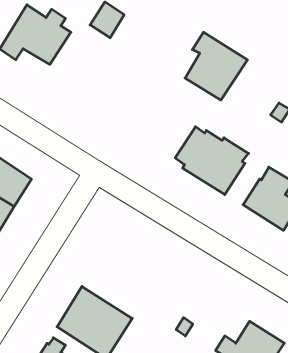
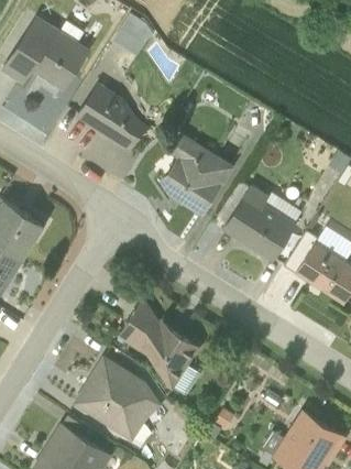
building: [185,32,247,100] -> [160,123,234,205]
building: none -> [74,90,150,159]
building: none -> [118,306,201,386]

